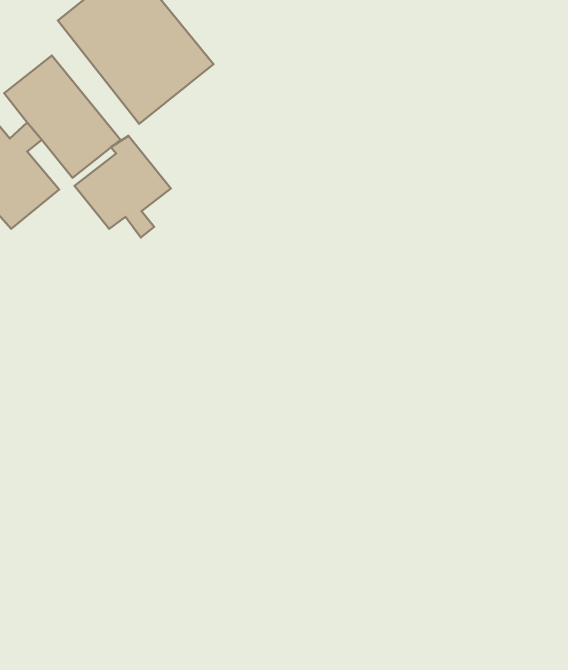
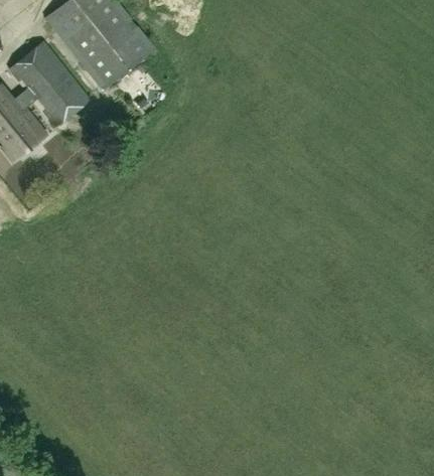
building: [74,136,171,237] -> none

